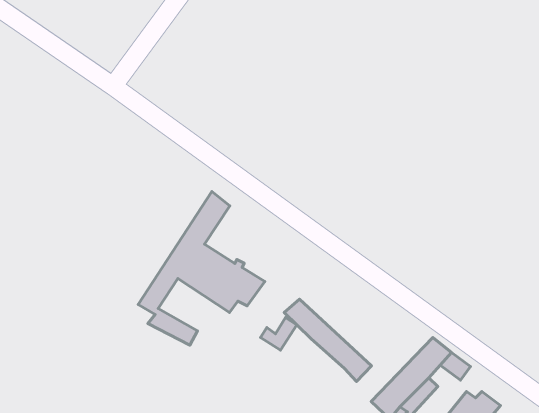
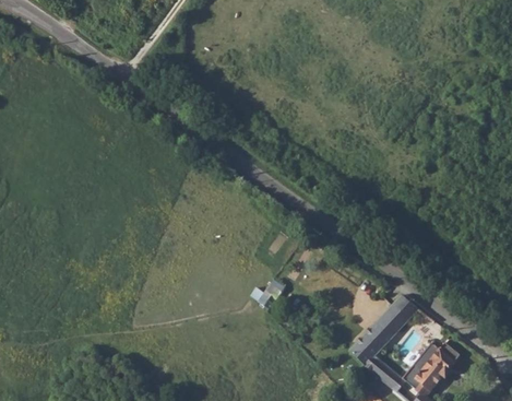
building: [138,191,265,345] -> none
building: [284,299,371,381] -> none

